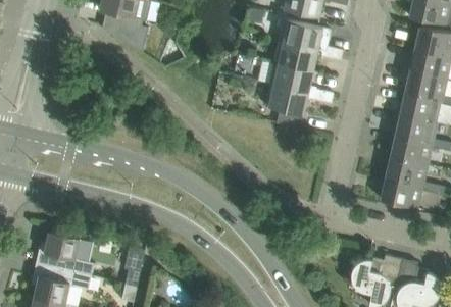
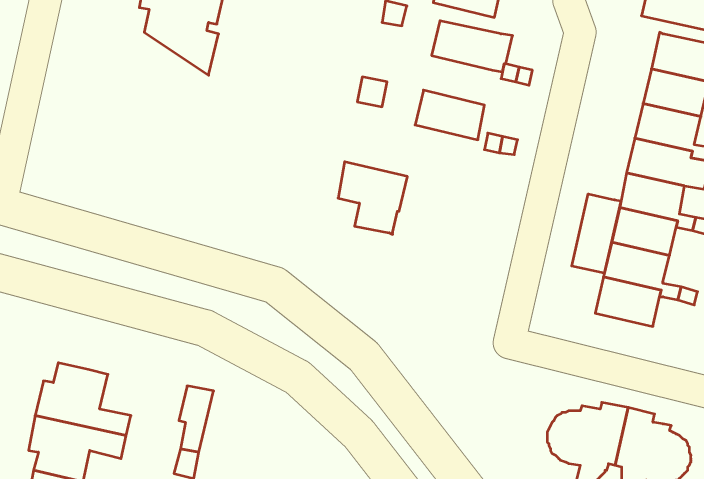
building: [274,41,317,71] -> none
building: [265,84,308,129] -> [338,162,407,234]
building: none -> [572,194,621,273]

